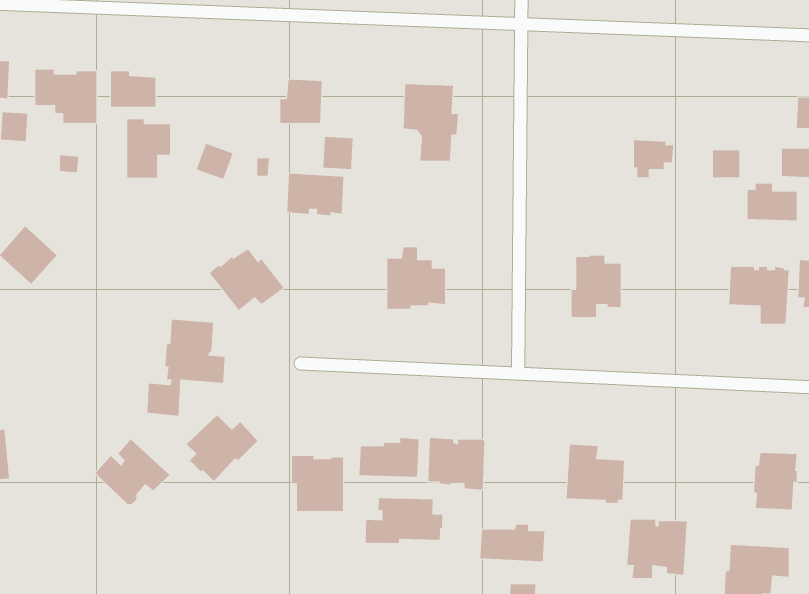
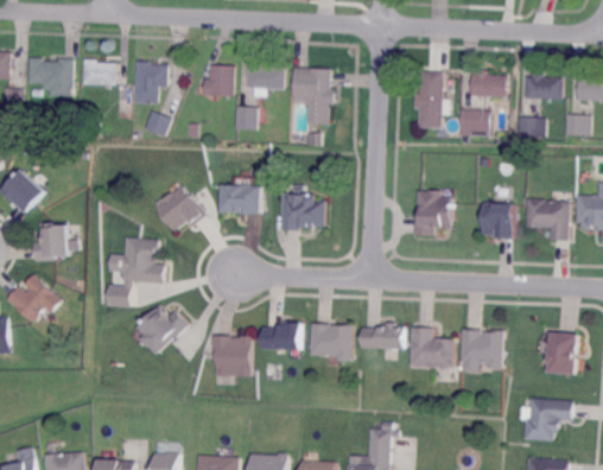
building: none -> [246,61,285,90]
building: none -> [470,69,507,97]
building: none -> [413,71,451,128]
building: [127,119,171,178] -> [134,61,166,103]
building: [287,173,344,216] -> [218,184,260,215]
building: [747,183,798,221] -> [525,71,561,99]
building: none -> [481,202,515,239]
building: none -> [32,222,68,261]
building: [94,439,170,504] -> [6,274,61,322]
building: [365,497,443,544] -> none
building: [627,519,687,579] -> [458,330,502,373]
building: [480,524,545,562] -> [358,323,406,350]

